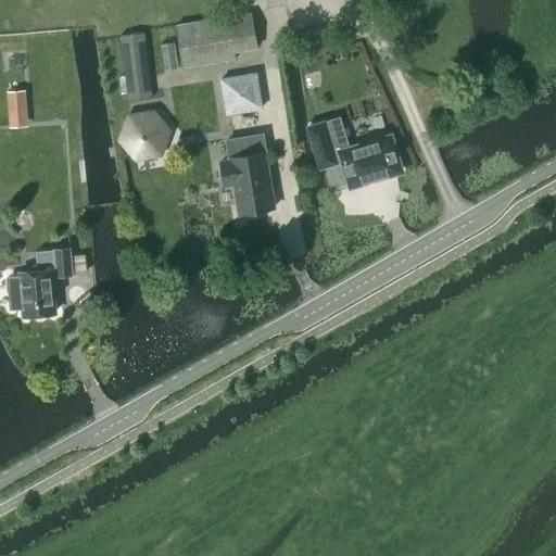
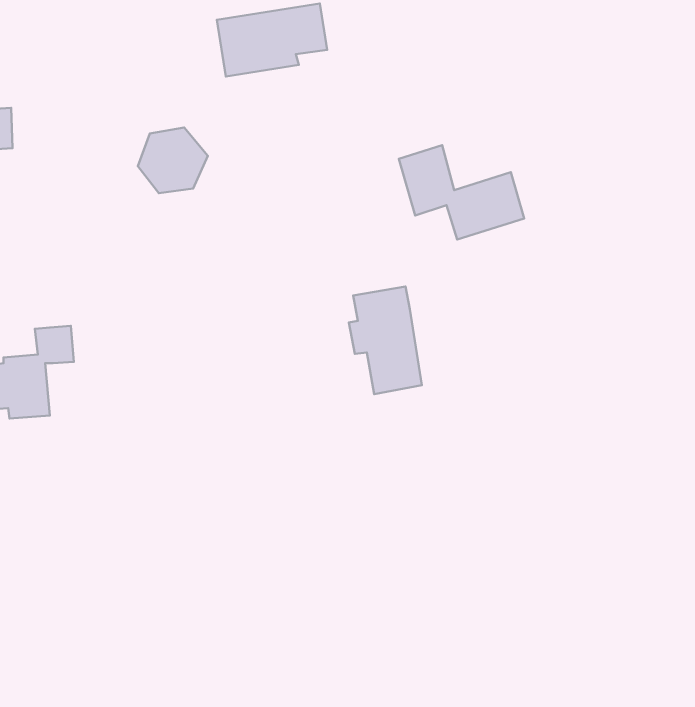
building: [121,33,152,101] -> none
building: [222,74,262,114] -> none
building: [220,136,274,214] -> [349,287,422,394]

